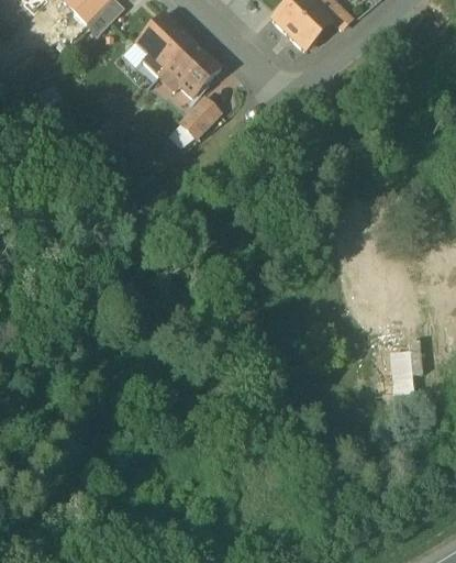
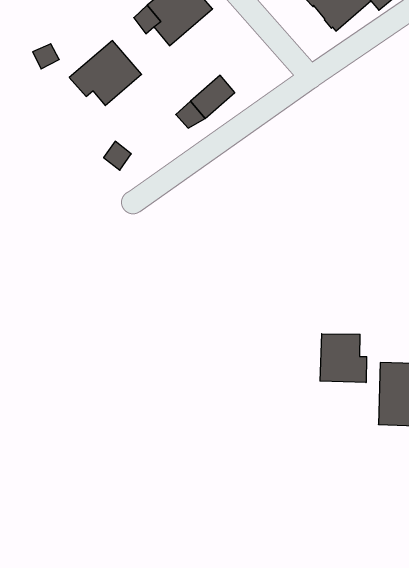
building: [158,40,222,98] -> [69,41,142,106]
building: none -> [320,334,367,383]

